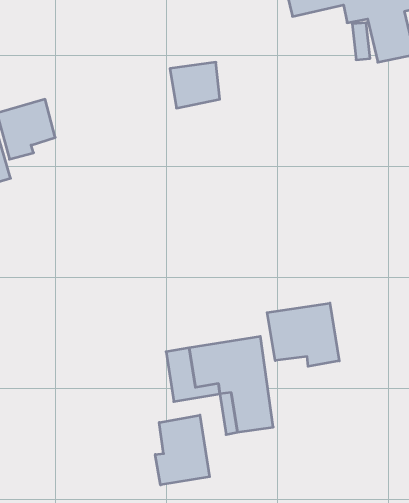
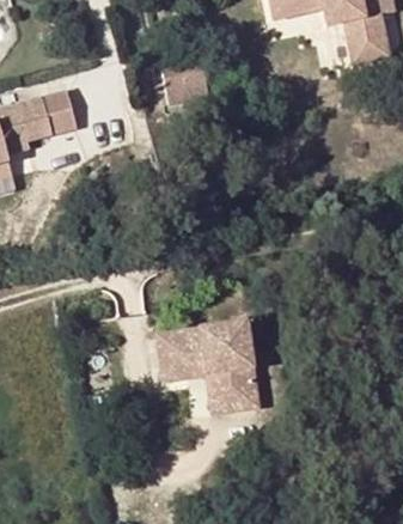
building: [267,303,339,366] -> none
building: [155,415,210,485] -> none

